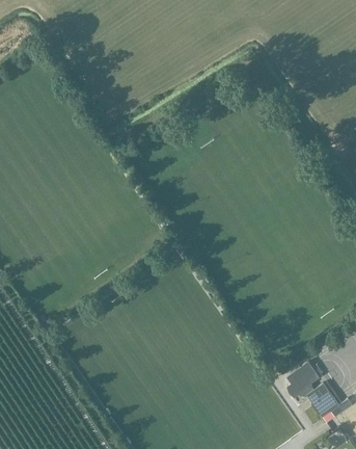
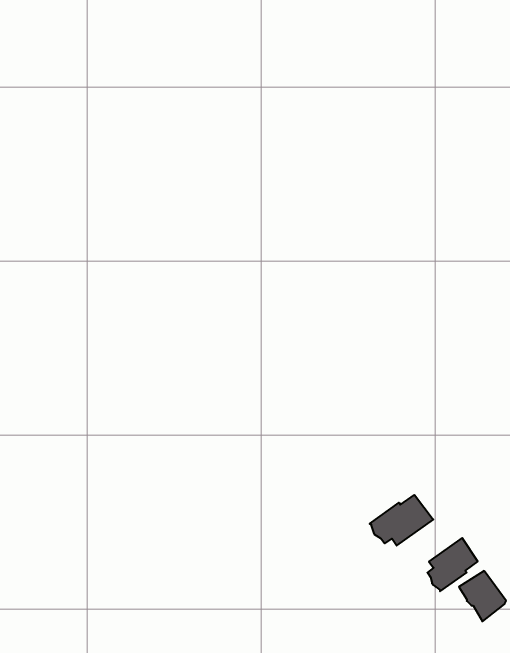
building: none -> [370,495,433,546]

